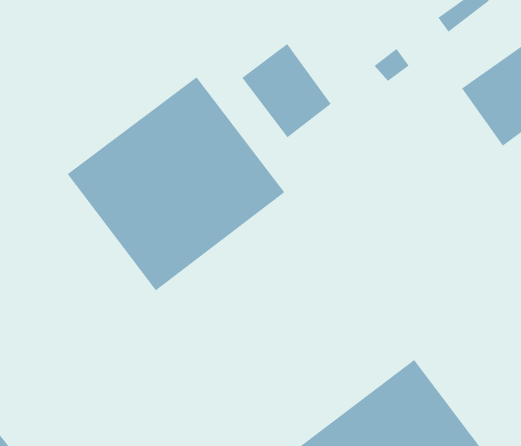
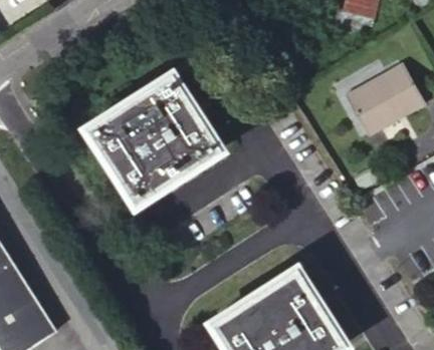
building: [241,43,332,138] -> none

